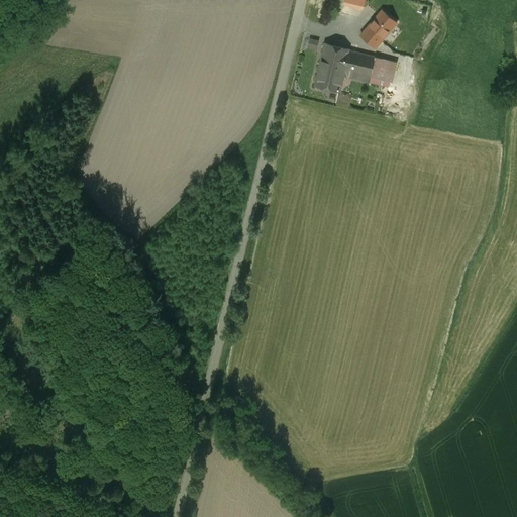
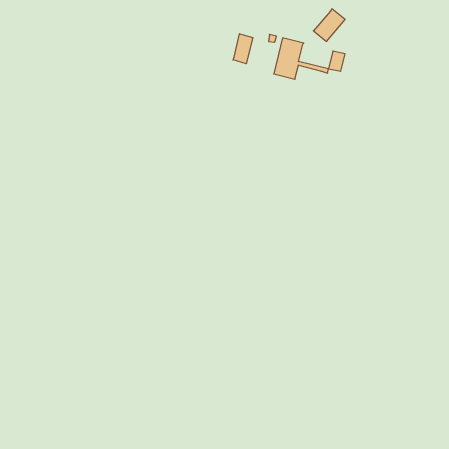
building: none -> [233,34,253,64]
building: [342,51,382,80] -> none

